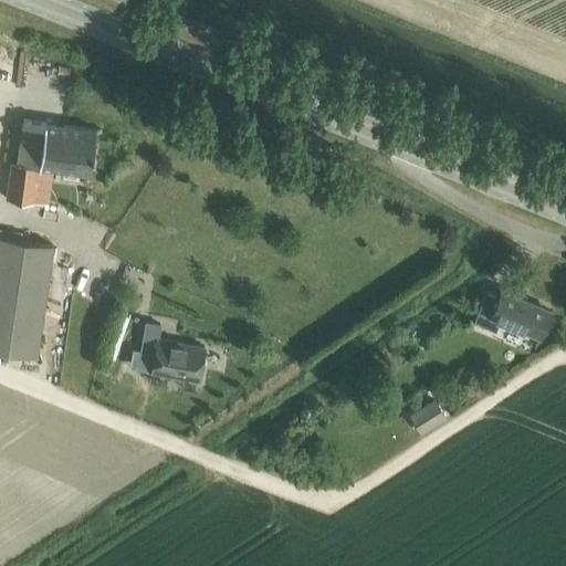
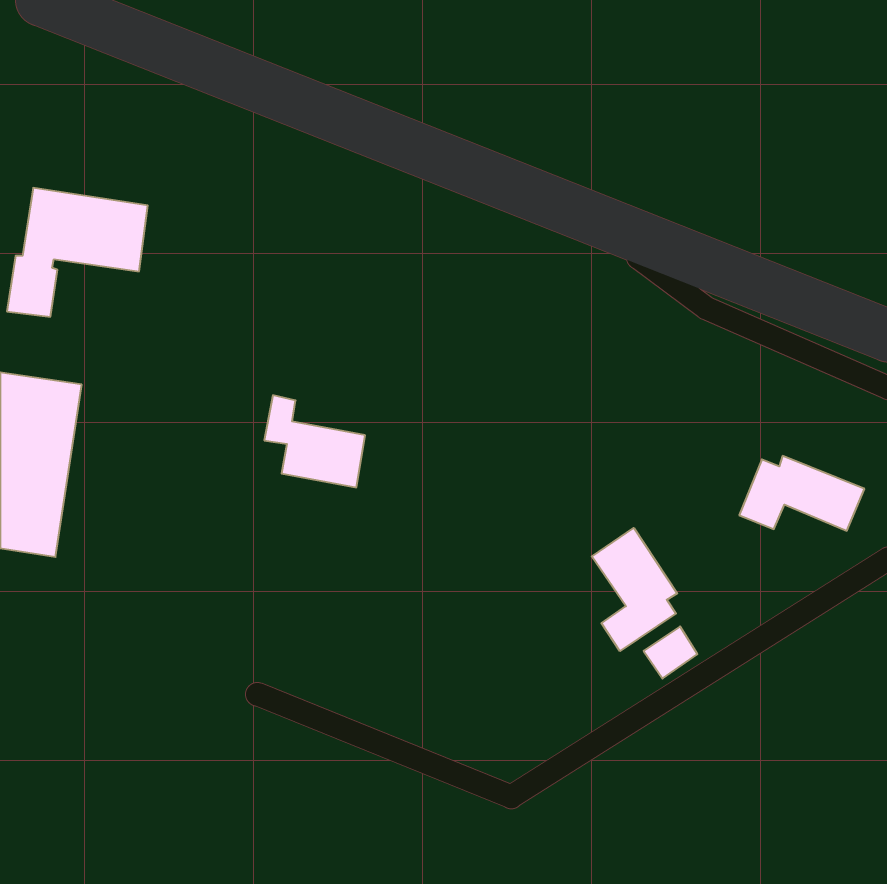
building: [140,325,205,384] -> [264,395,365,487]
building: none -> [592,528,677,651]

